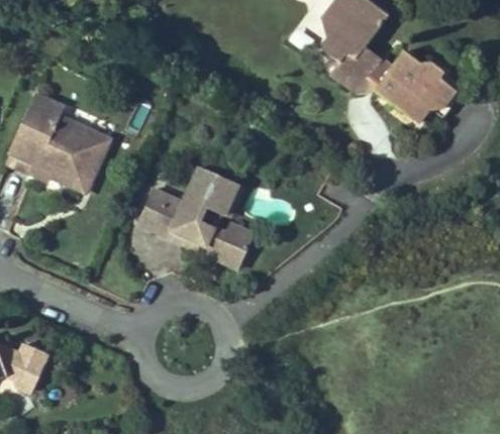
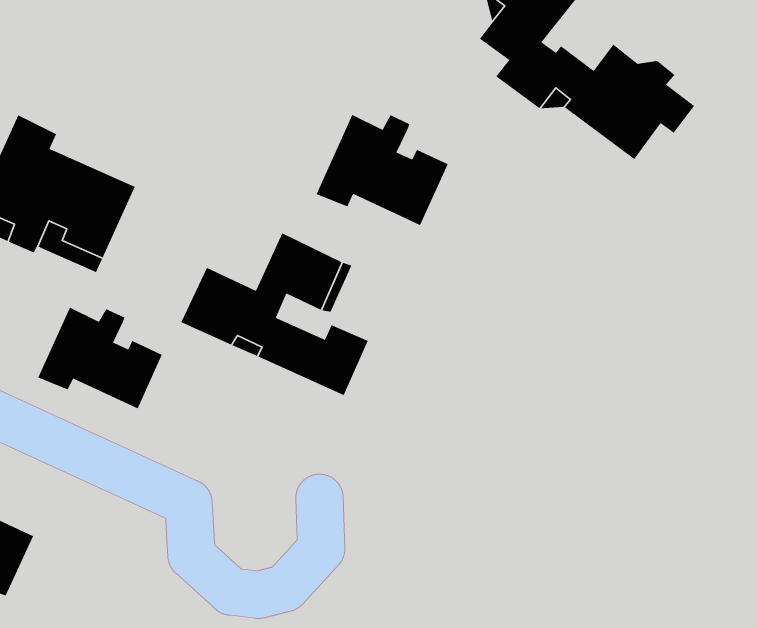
building: none -> [315,114,449,226]
building: none -> [37,306,163,409]

